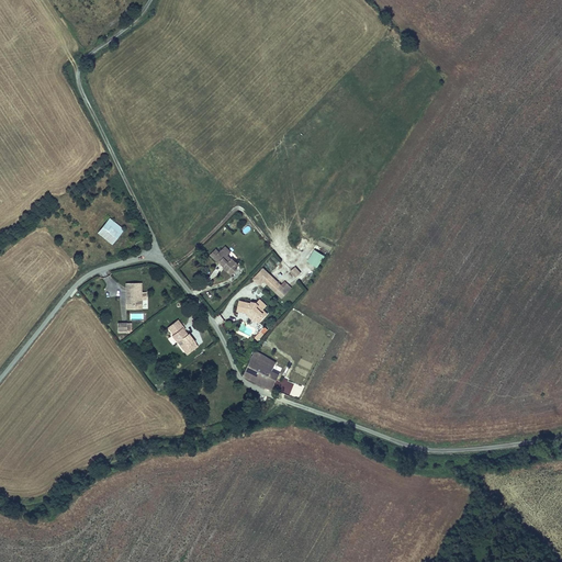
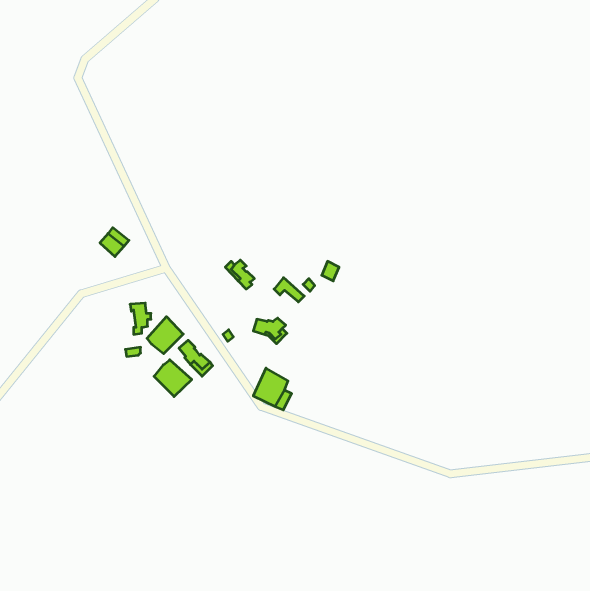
building: none -> [147,317,183,354]
building: none -> [154,360,192,397]

